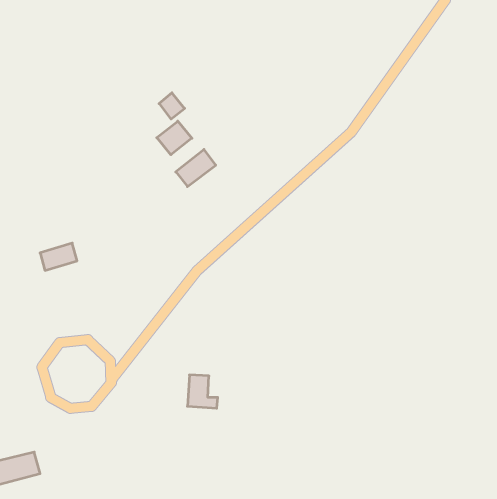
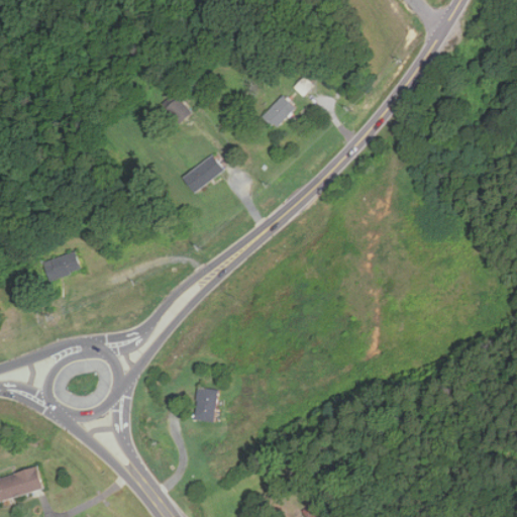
building: none -> [258,95,293,128]
building: [157,121,192,155] -> none

